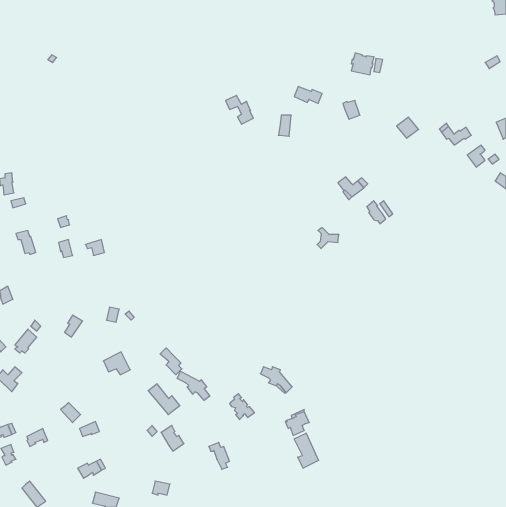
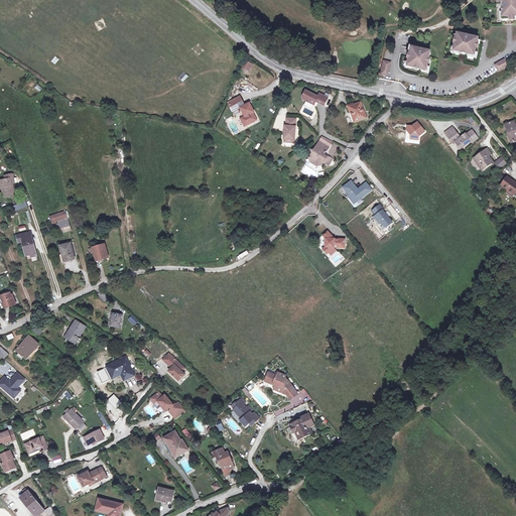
building: none -> [452,32,476,54]
building: [351,53,374,75] -> [405,46,428,69]
building: none -> [307,134,332,164]
building: [177,371,210,400] -> none
building: [294,433,319,468] -> none

